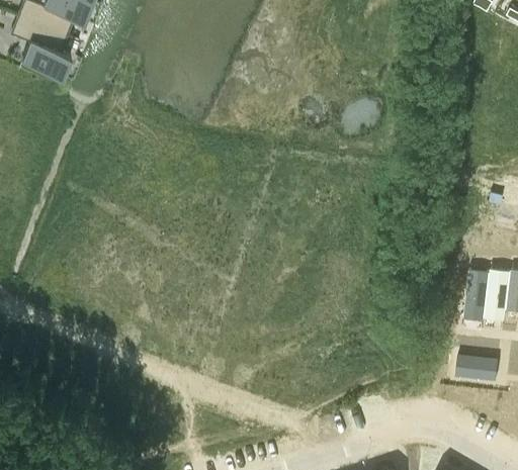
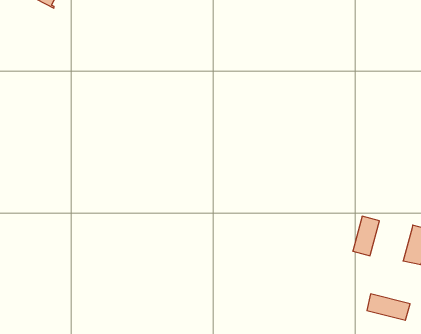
building: [467,275,494,318] -> [353,216,379,256]

